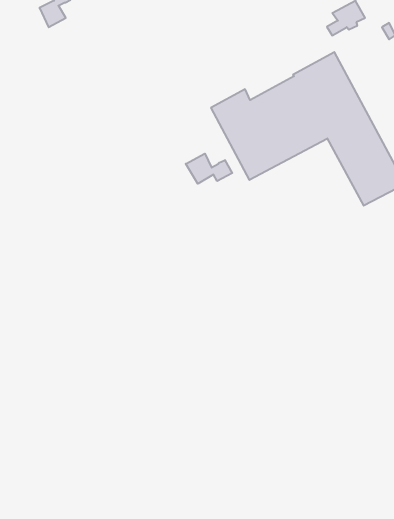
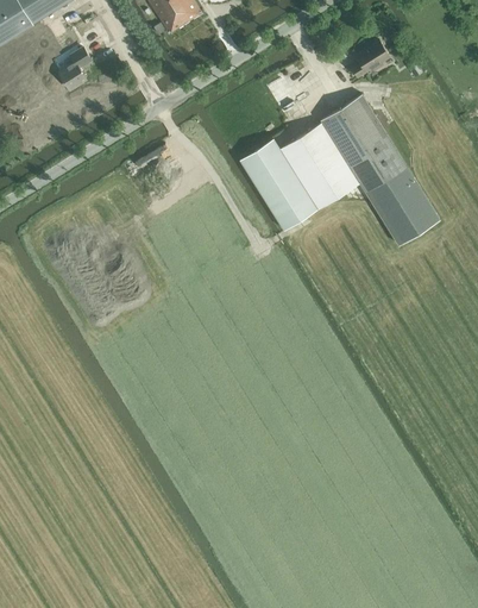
building: [186,154,232,184] -> none

